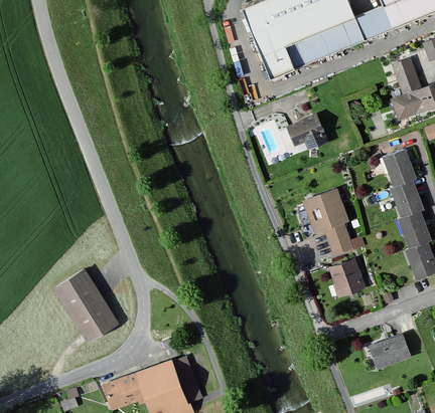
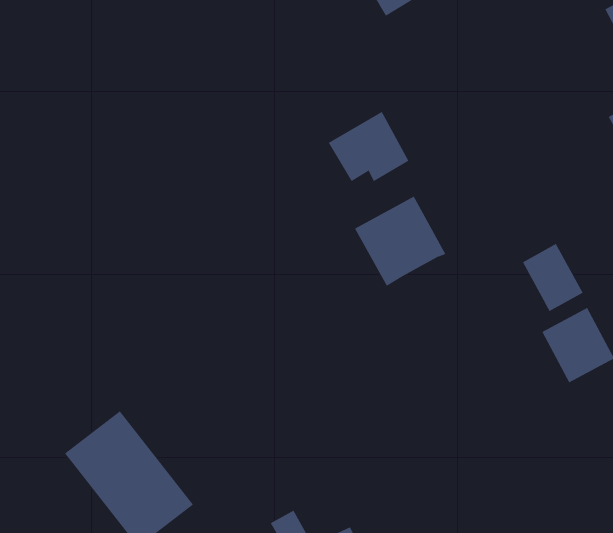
building: [283,111,325,148] -> [328,111,409,182]
building: [299,183,346,229] -> [354,196,446,287]

